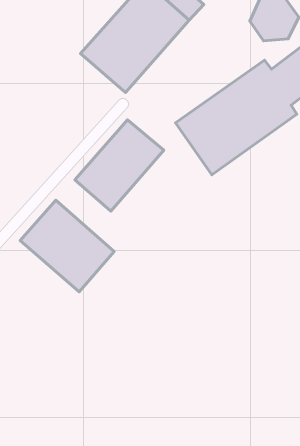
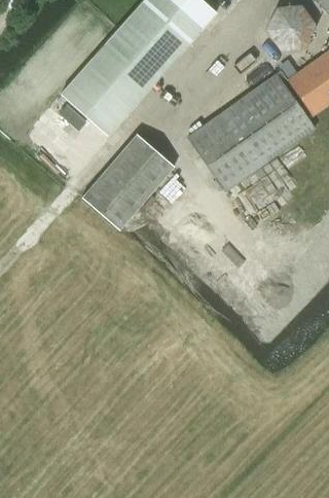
building: none -> [61,64,135,136]
building: [20,200,114,292] -> none

